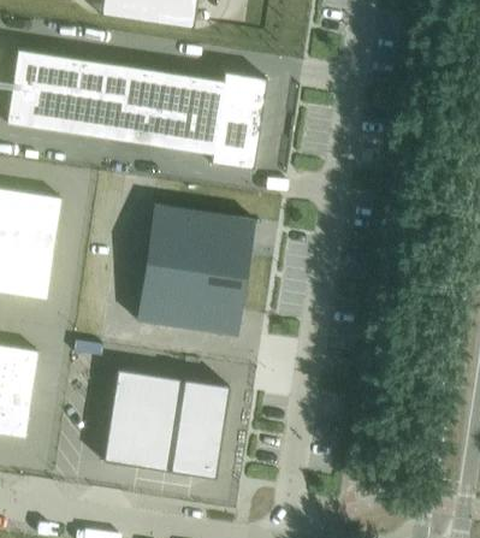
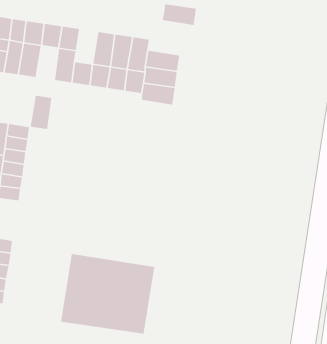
building: [120,66,152,114] -> none
building: [219,72,266,102] -> [162,4,197,26]
building: [69,89,99,136] -> [30,95,52,130]
building: [135,205,254,335] -> none

